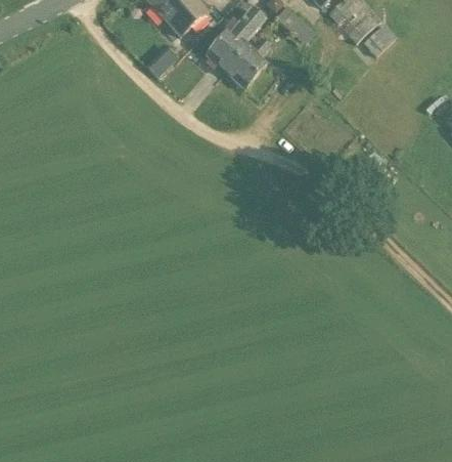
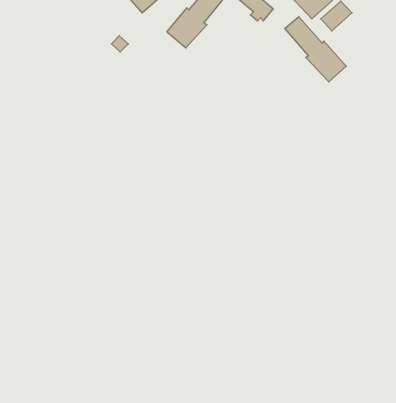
building: [224,36,269,86] -> none
building: none -> [285,17,346,82]

